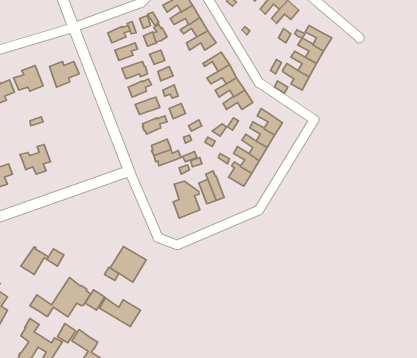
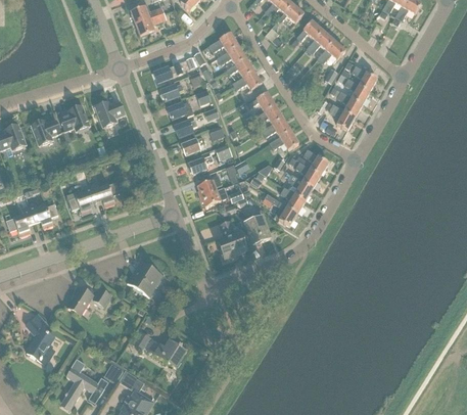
building: none -> [90,181,120,205]
building: [110,246,146,282] -> [127,261,162,296]
building: [30,278,90,317] -> none

